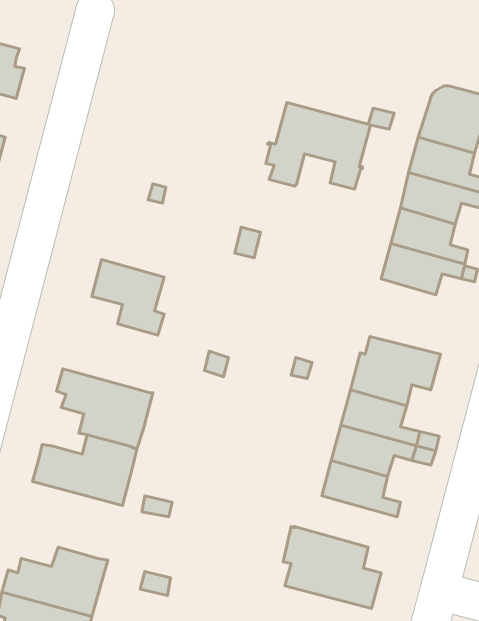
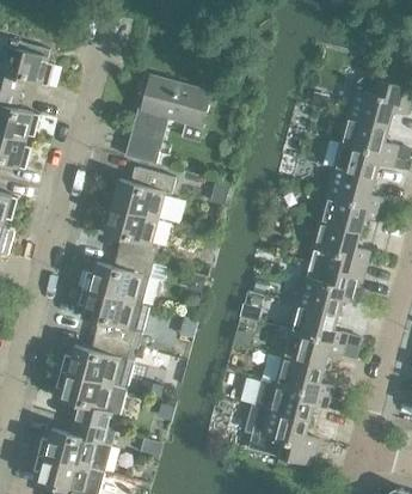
building: [266,102,370,189] -> [134,77,211,141]
building: none -> [111,167,176,219]
building: none -> [310,220,370,276]
building: none -> [82,254,153,305]
building: none -> [55,371,127,429]
building: none -> [254,378,345,420]

